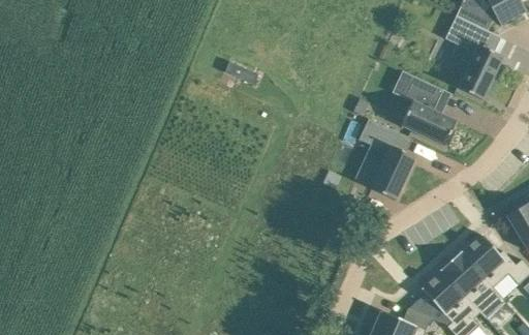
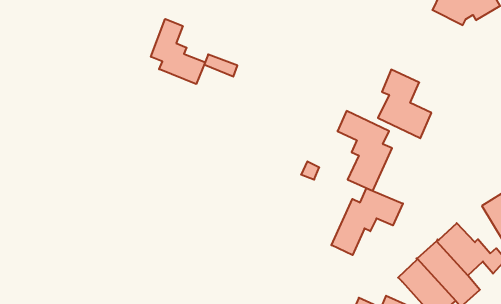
building: [444,16,502,99] -> none
building: none -> [151,19,205,84]
building: none -> [331,188,403,255]

